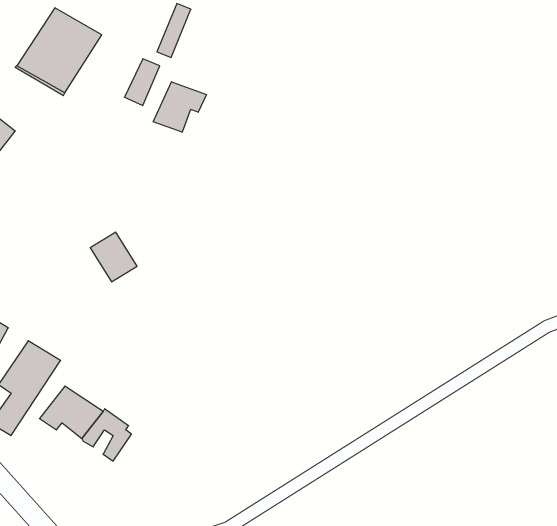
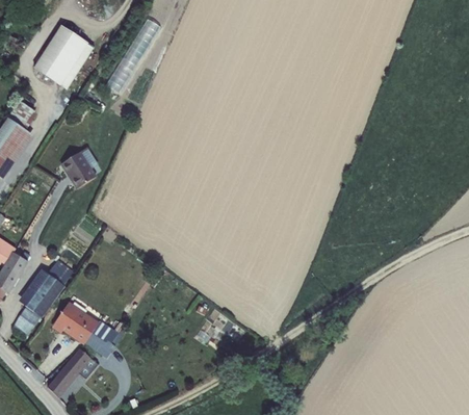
building: [153,82,206,132] -> none
building: [90,232,137,282] -> [60,150,95,186]
building: none -> [47,345,93,398]

